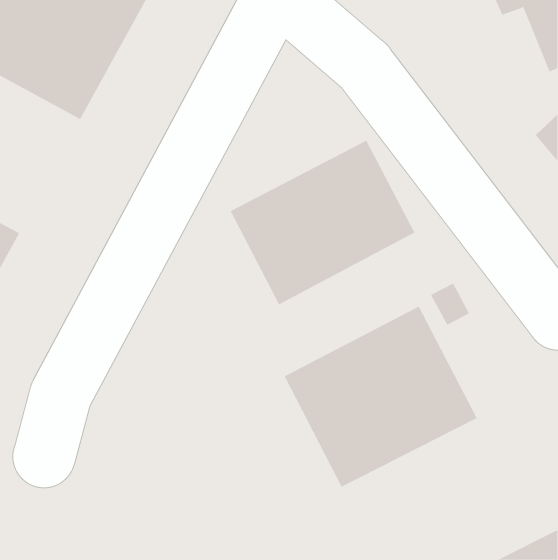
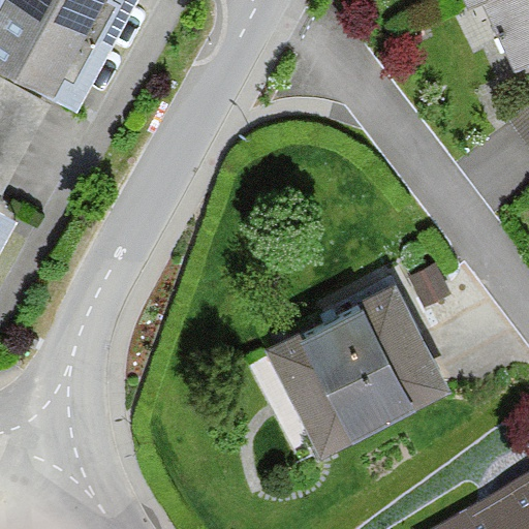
building: [230,140,415,305] -> none

